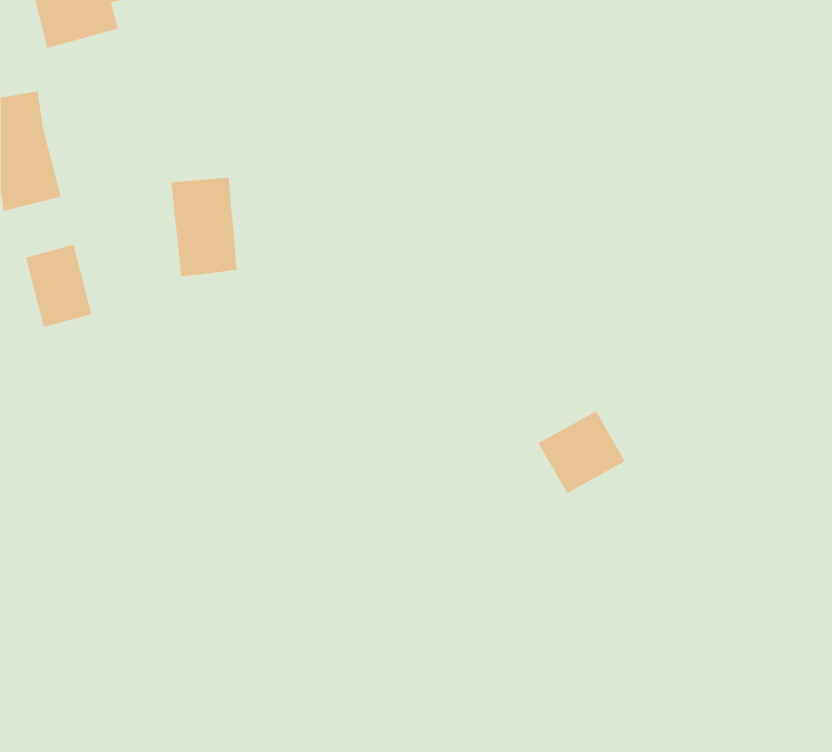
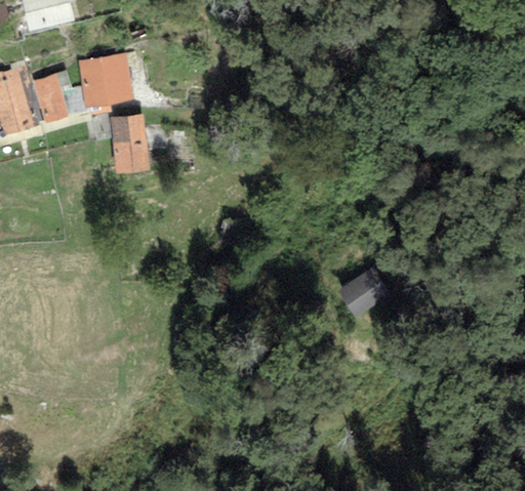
building: none -> [76,53,132,108]
building: [25,244,92,328] -> [28,75,70,127]

